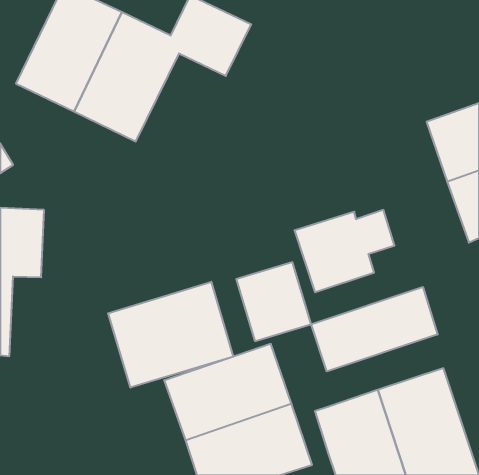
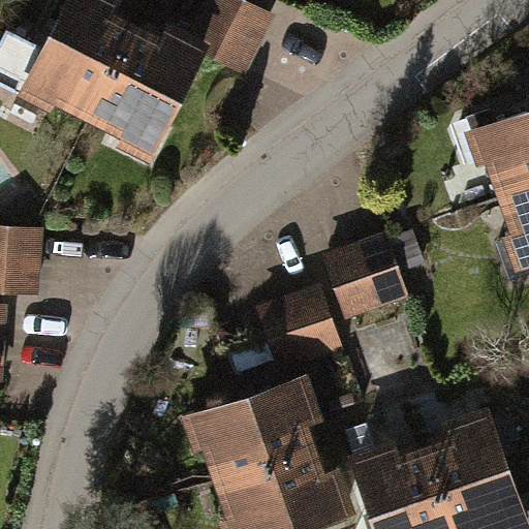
building: [108,282,233,388] -> none
building: [311,287,438,371] -> none

